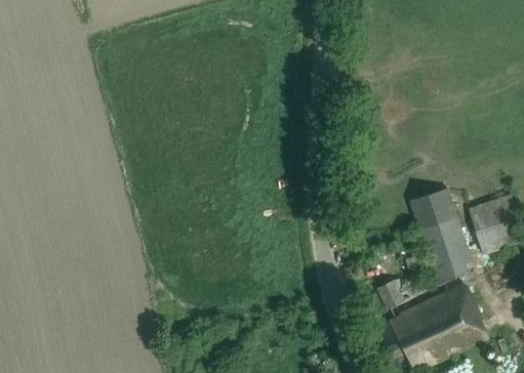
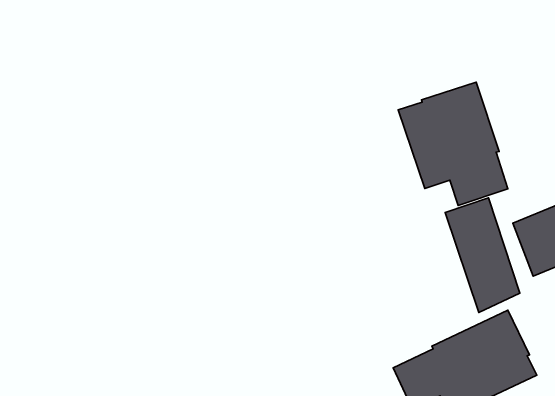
building: none -> [398,82,508,206]
building: [376,279,406,309] -> none

